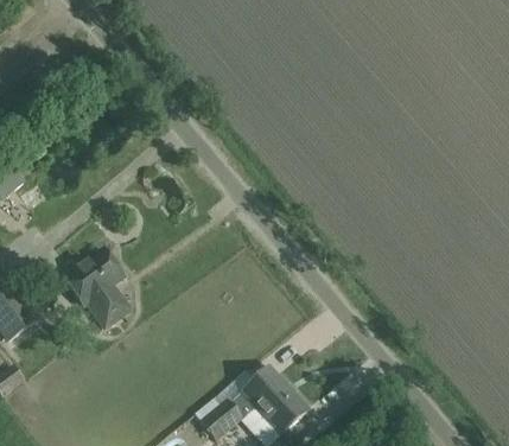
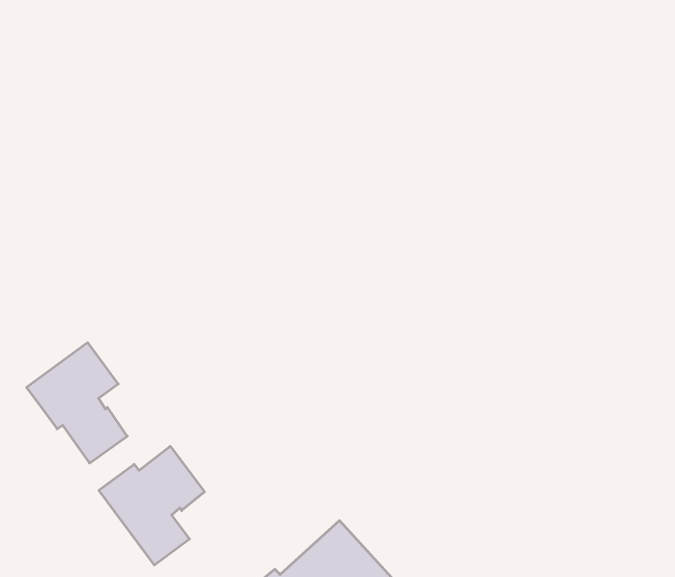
building: none -> [99,446,204,565]

